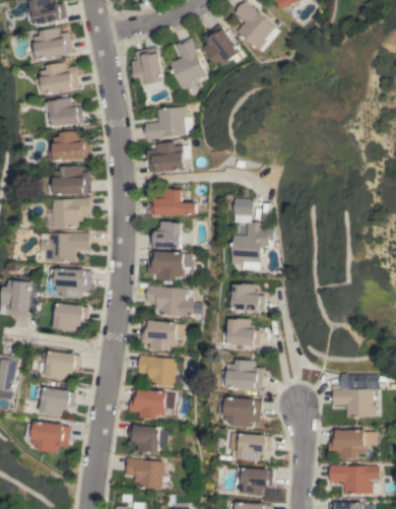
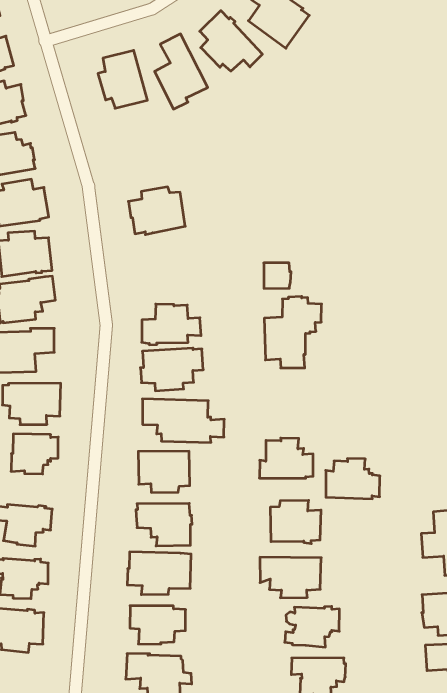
building: [143,107,185,140] -> none
building: [150,189,195,215] -> none
building: [226,283,264,312] -> [326,459,380,499]

